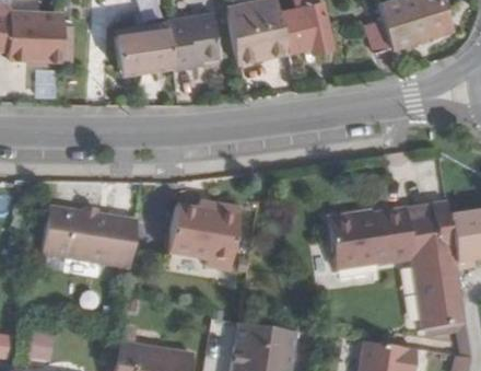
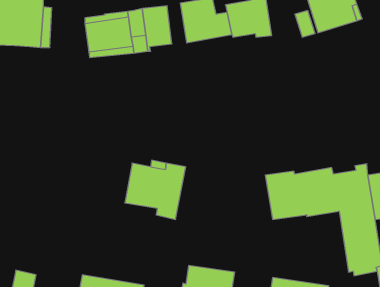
building: [36,200,133,264] -> none

